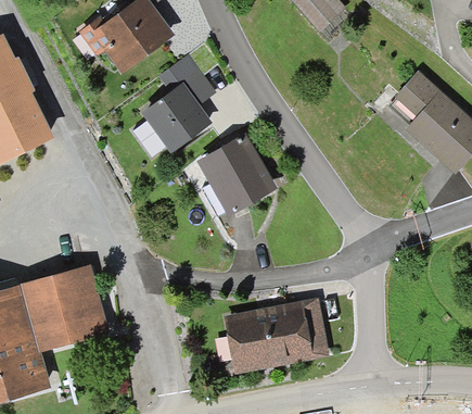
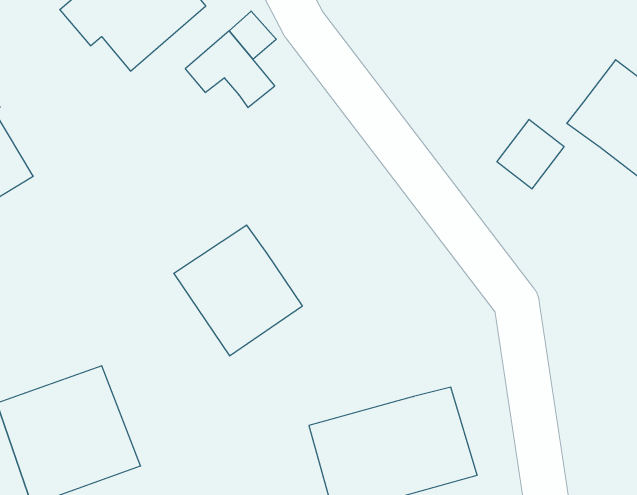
building: [395,71,439,116] -> [497,119,564,189]
building: [142,84,213,153] -> none
building: [195,134,278,218] -> [174,225,302,356]

